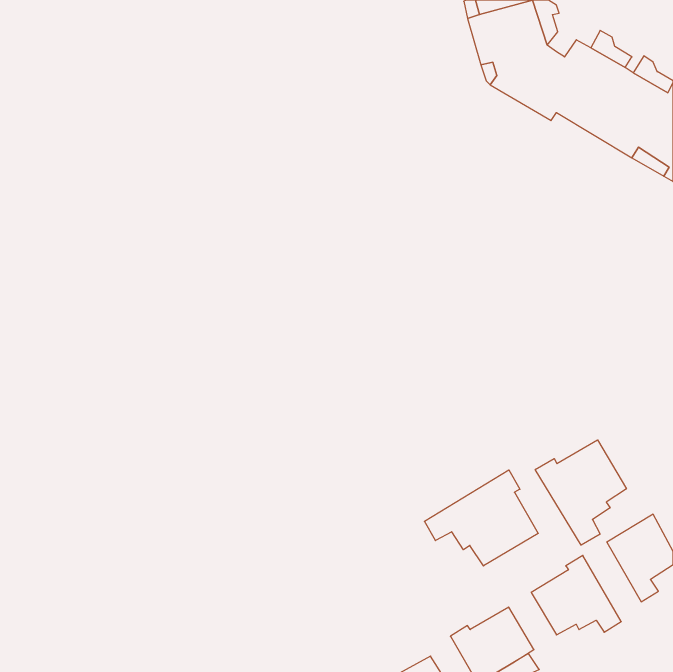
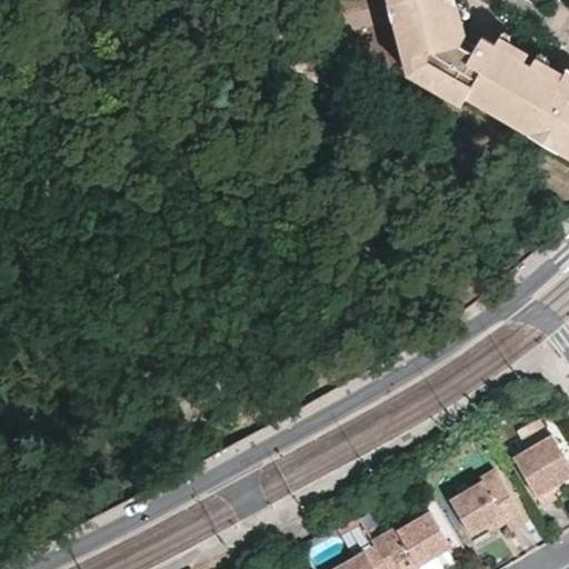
building: [535,440,626,545] -> none
building: [424,470,538,566] -> none

